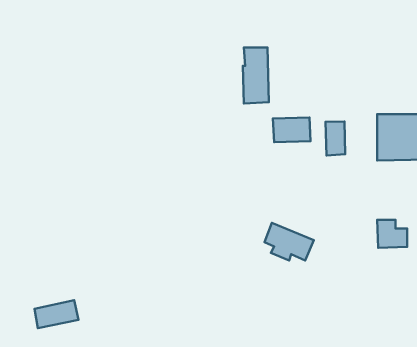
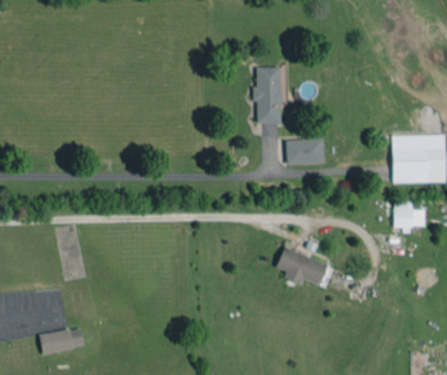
building: [326,122,345,155] -> none
building: [377,220,407,248] -> [394,200,425,229]

